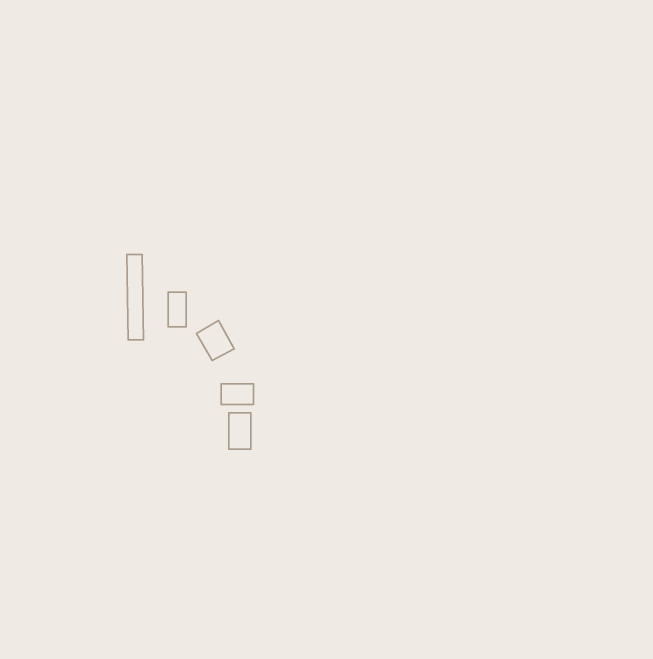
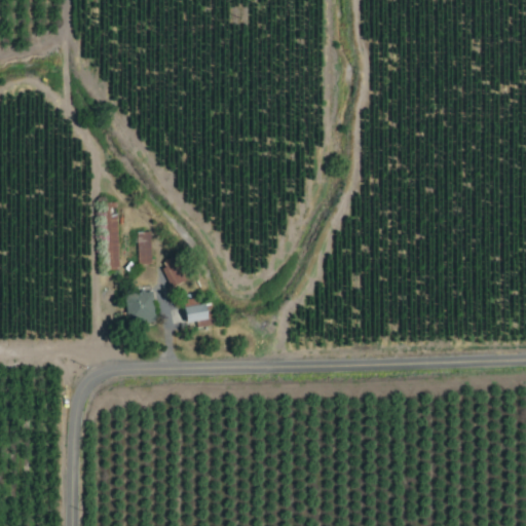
building: none -> [127,293,154,322]
building: [229,413,251,449] -> none

